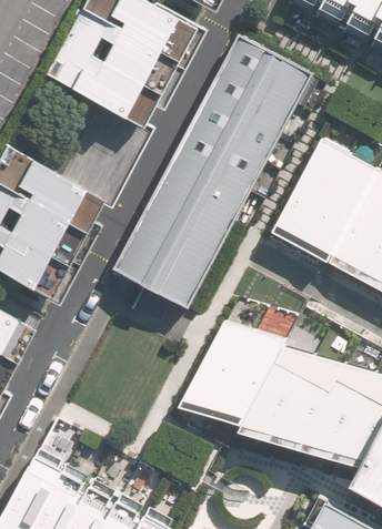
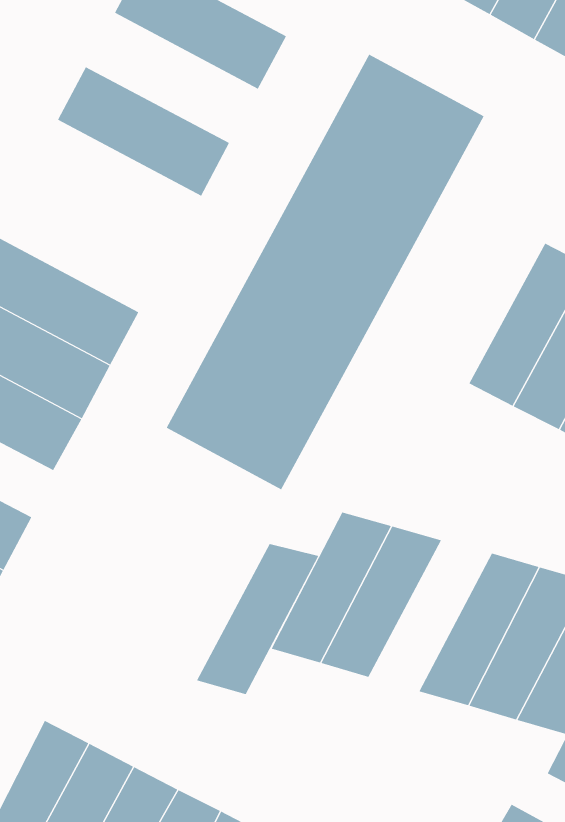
building: [63,11,171,92] -> none
building: [274,139,350,242] -> none
building: [240,339,316,434] -> [196,543,319,695]

